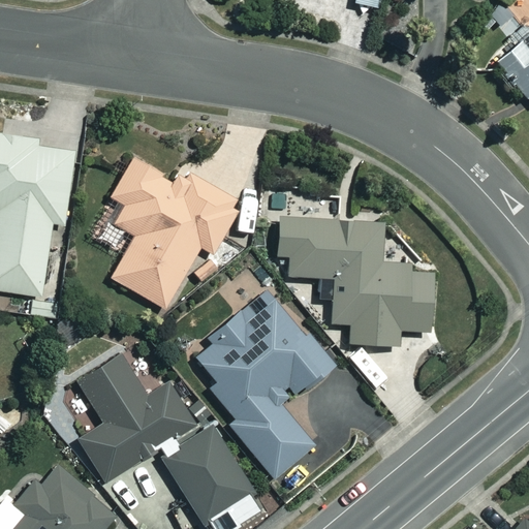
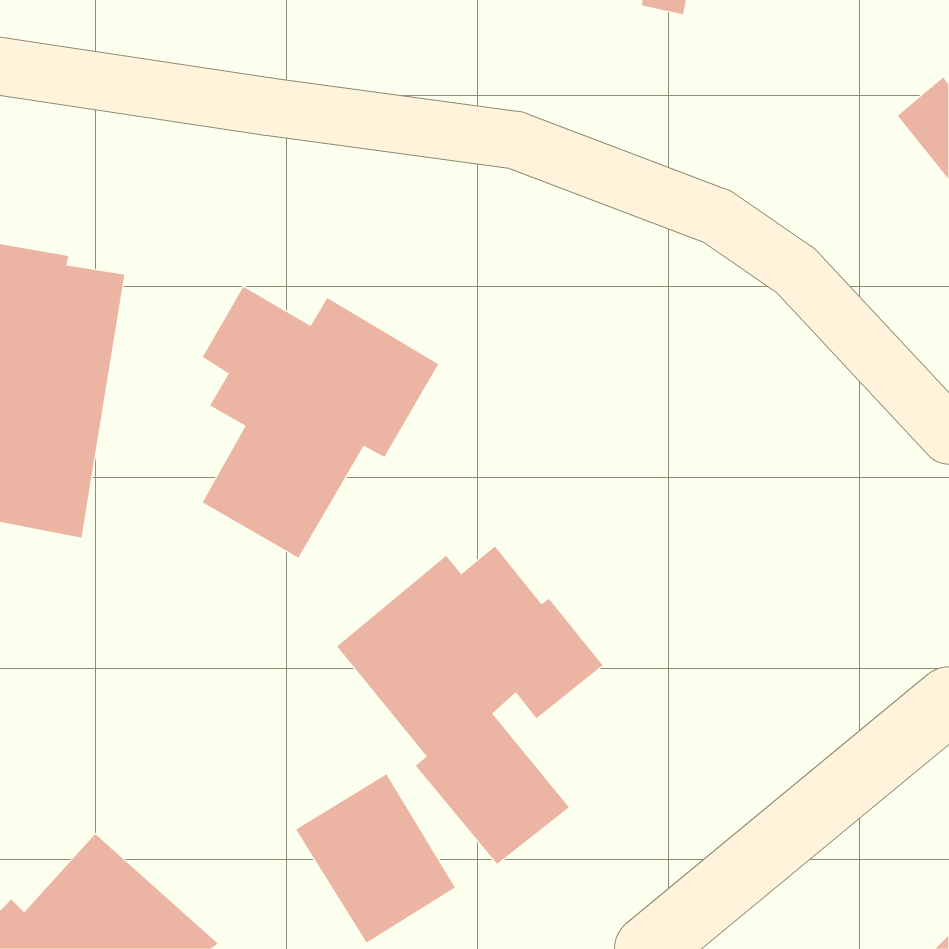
building: [279,219,436,347] -> none
building: [80,356,195,479] -> none

